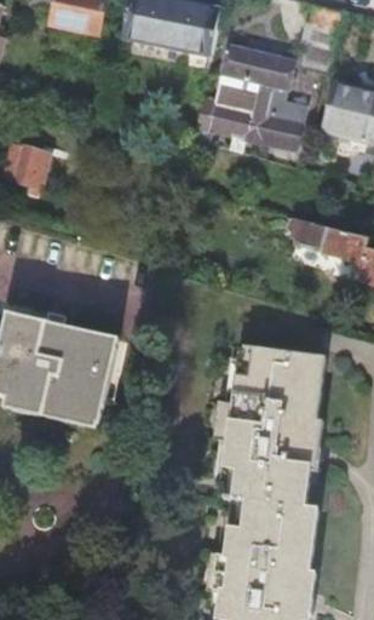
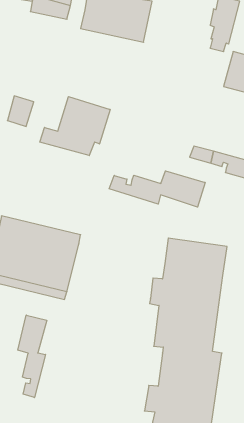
building: [191,41,307,150] -> none
building: none -> [40,97,110,156]
building: none -> [109,171,205,207]
building: none -> [18,315,47,398]

